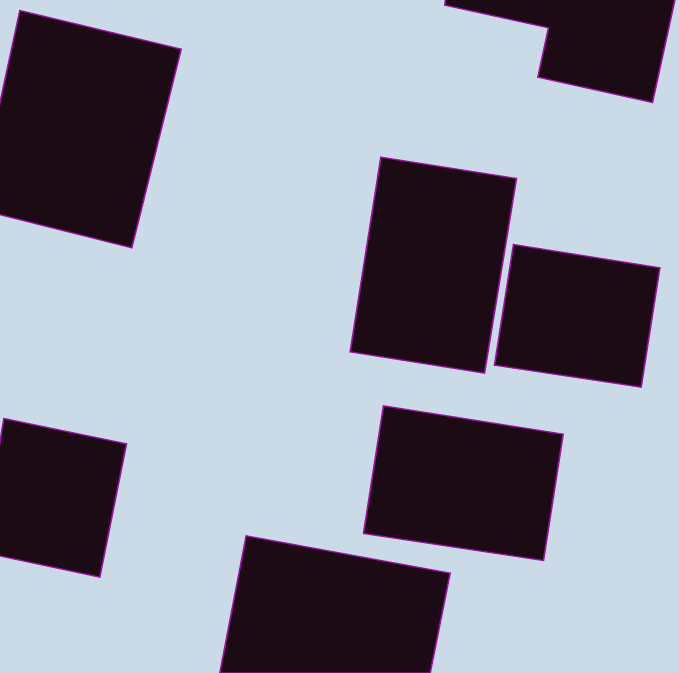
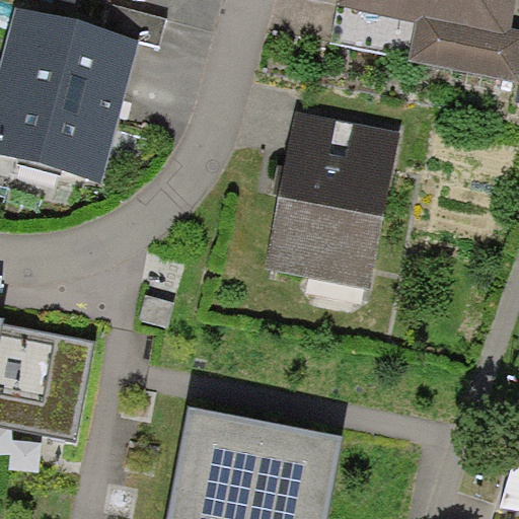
building: [494,245,660,387] -> none
building: [363,406,563,561] -> none

